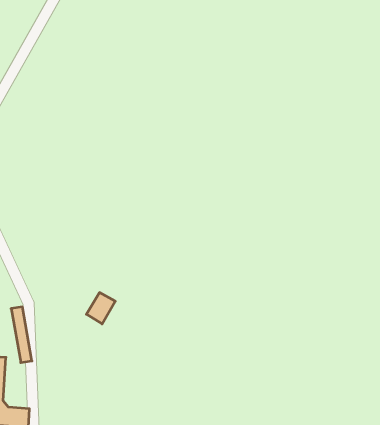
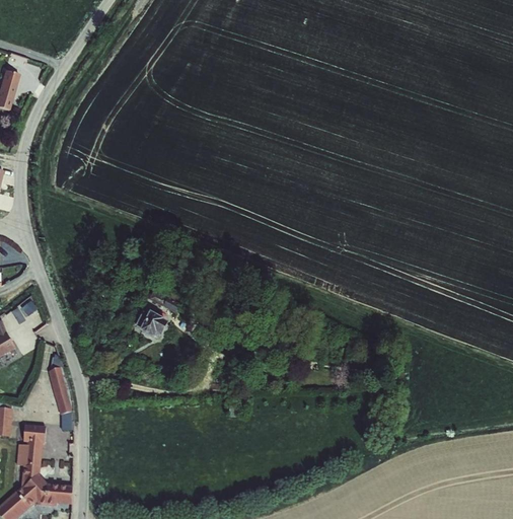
building: [86,293,115,324] -> [135,306,168,343]

